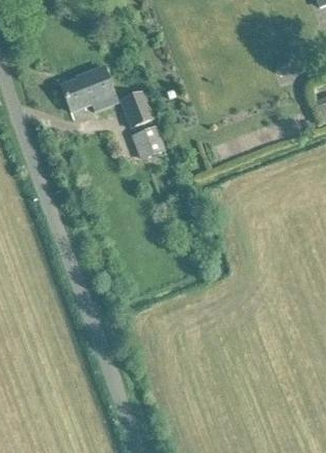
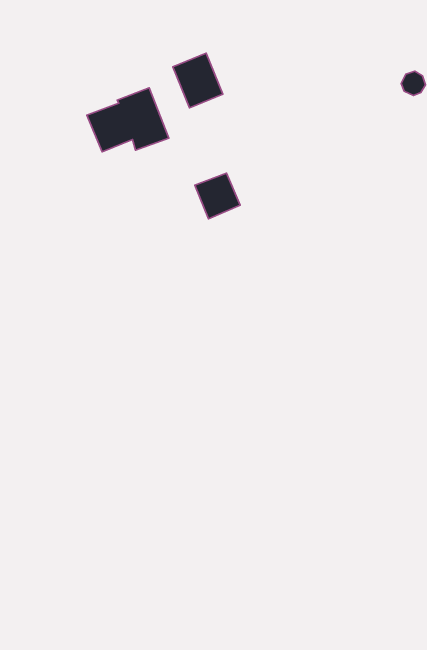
building: [119,90,154,128] -> [173,53,223,108]

